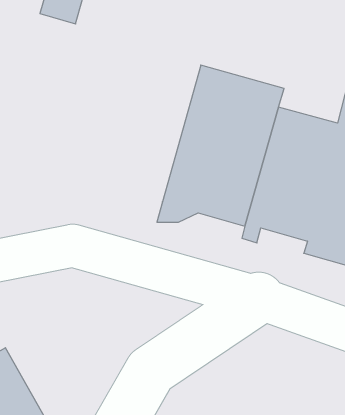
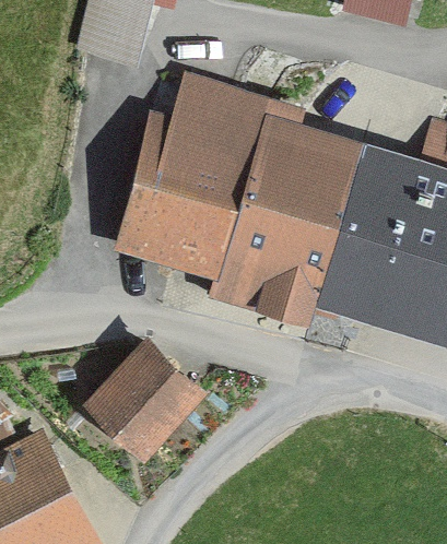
building: none -> [119,90,264,267]
building: none -> [92,347,200,457]

